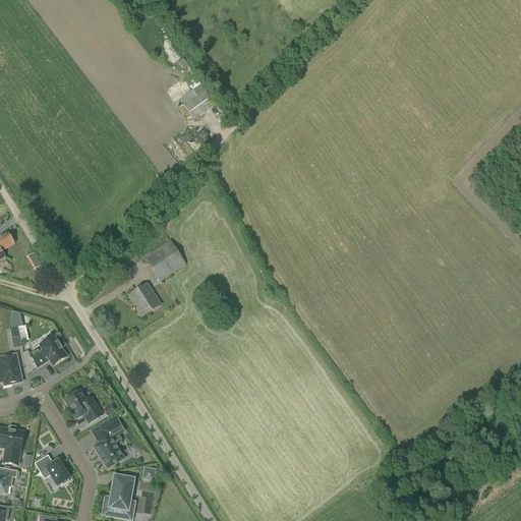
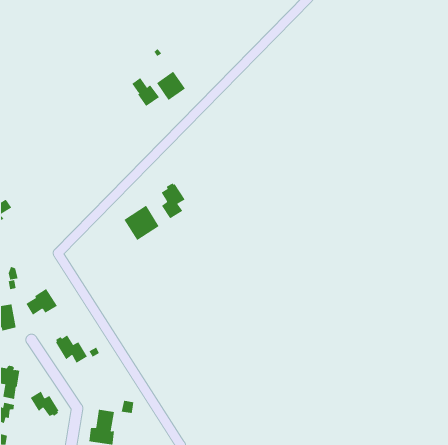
building: none -> [132,77,160,107]
building: none -> [161,183,186,219]
building: [128,283,160,315] -> none
building: [94,415,124,467] -> none

